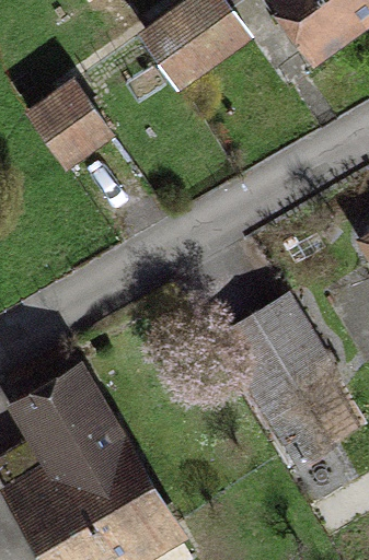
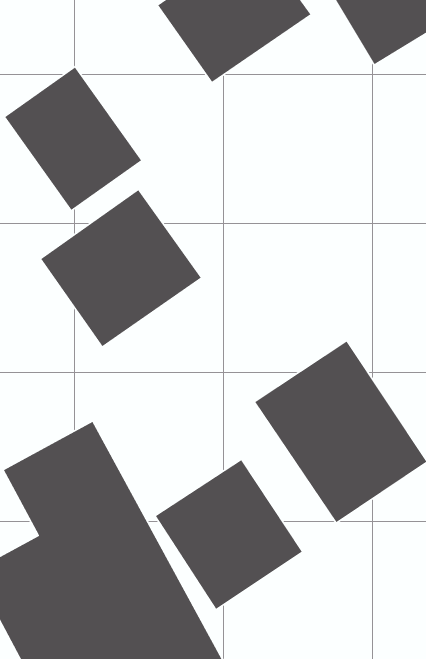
building: none -> [40,189,202,347]
building: none -> [155,459,303,610]

